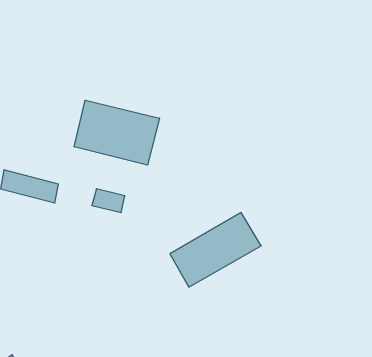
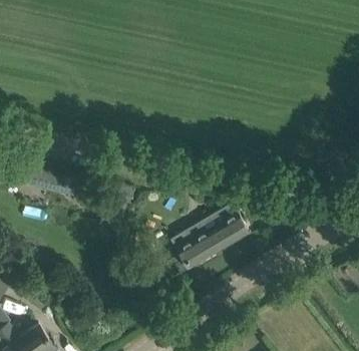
building: [74,100,160,165] -> none

